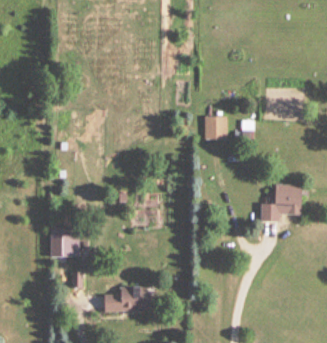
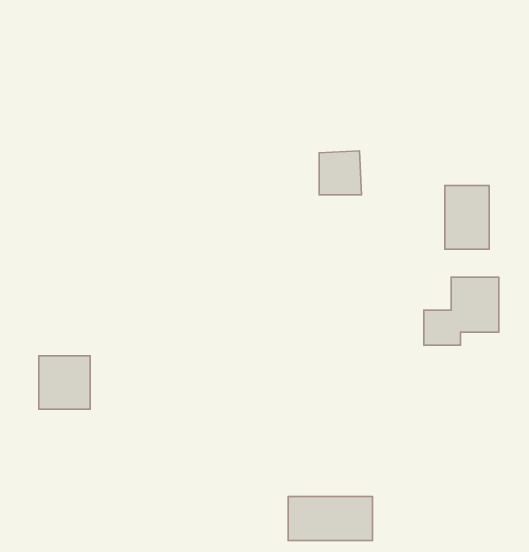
building: none -> [445,186,489,249]
building: [105,286,151,310] -> [288,497,373,541]

